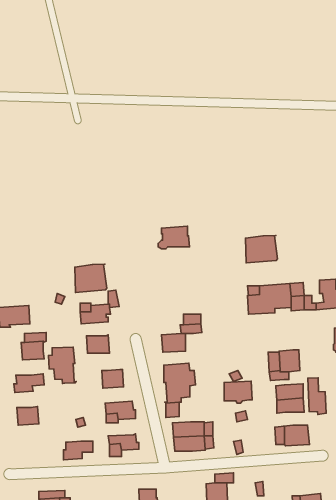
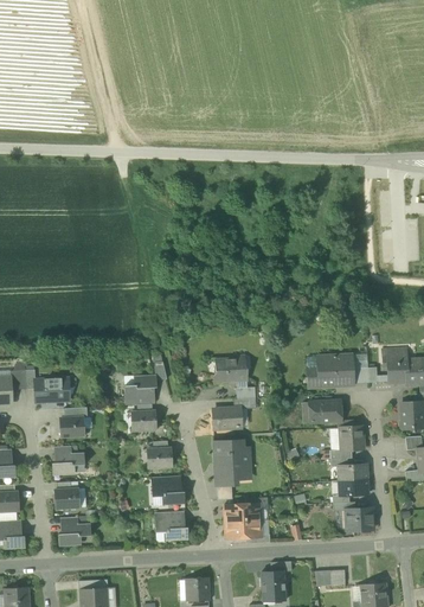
building: [158,226,190,249] -> [213,357,248,382]
building: [246,236,277,263] -> none
building: [75,264,107,292] -> none
building: [49,347,76,383] -> none
building: [308,378,326,414] -> none
building: [224,381,252,403] -> [310,400,341,423]
building: [64,441,93,460] -> [59,523,91,543]

